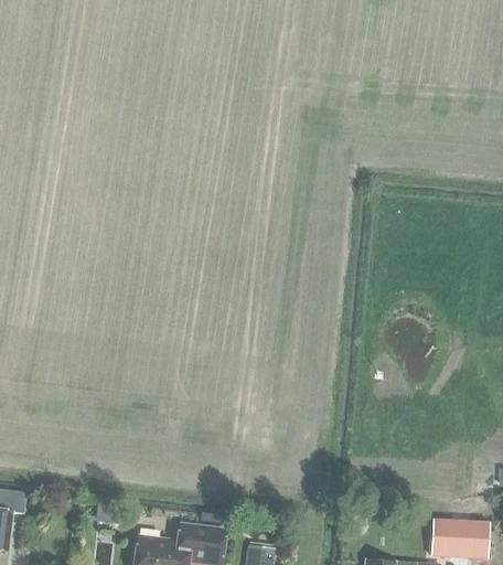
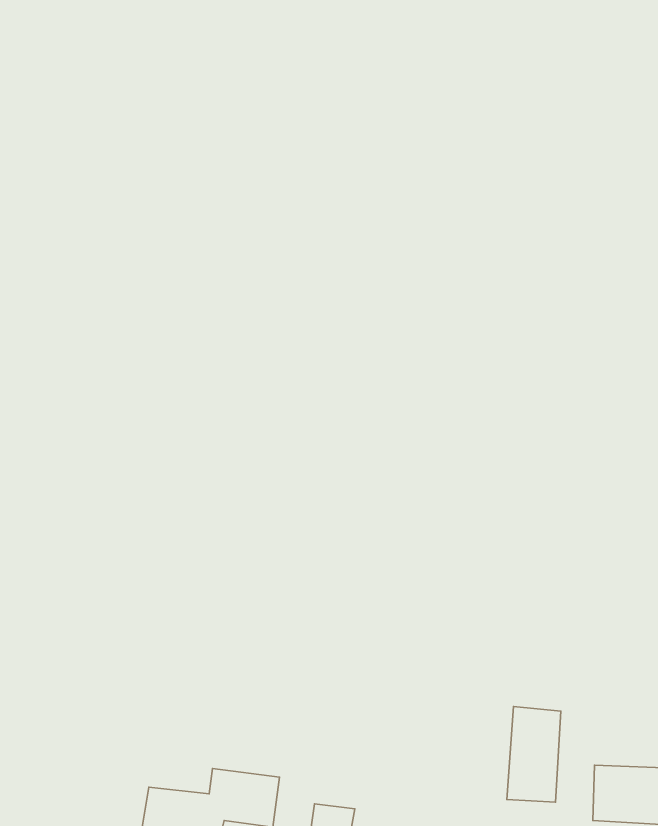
building: none -> [507,707,561,802]

